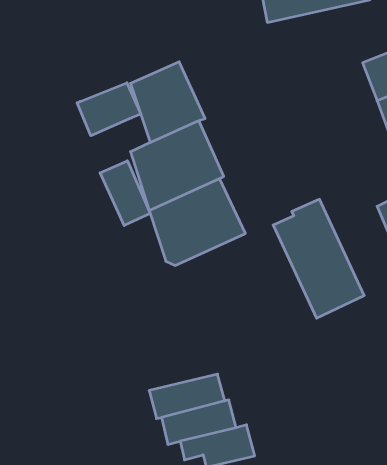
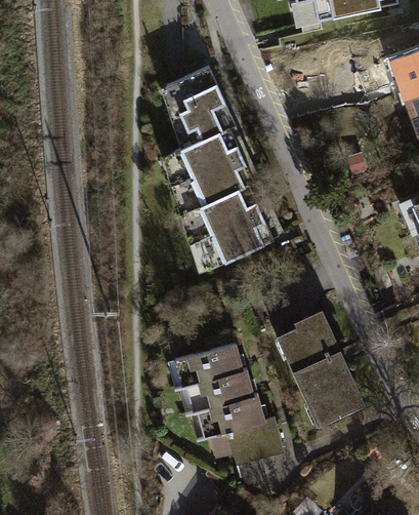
building: [77,83,141,136] -> none
building: [100,161,150,226] -> none
building: [273,199,364,318] -> [276,311,366,429]
building: none -> [168,345,243,389]

